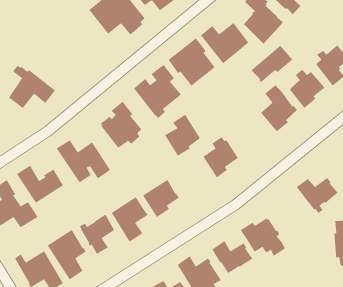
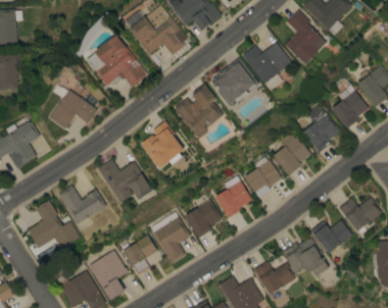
building: none -> [87,35,147,88]
building: [250,45,293,83] -> none
building: none -> [273,133,310,174]
building: [164,114,201,157] -> [214,174,251,217]
building: none -> [313,220,352,253]

